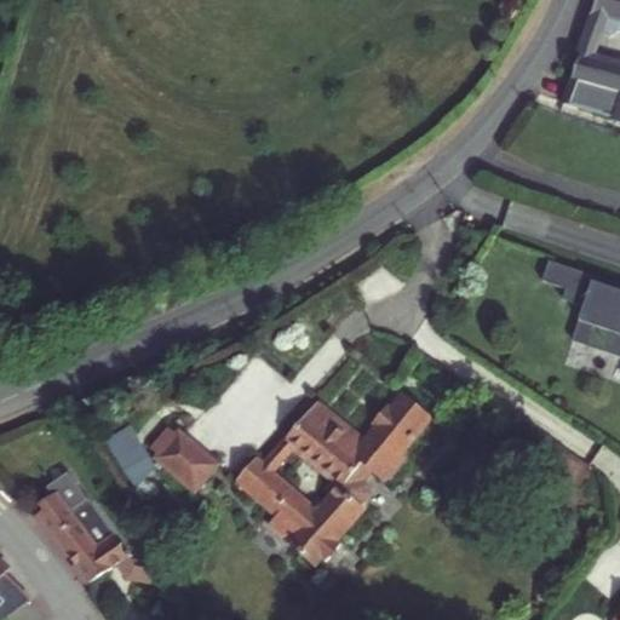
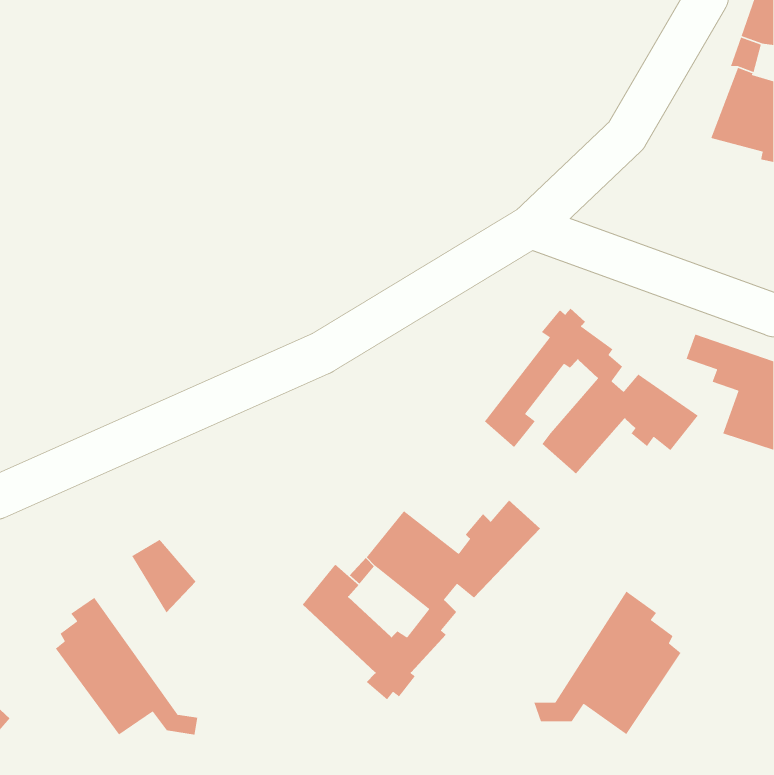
building: none -> [484,308,699,474]
building: [154,425,219,488] -> none
building: none -> [533,591,682,735]

